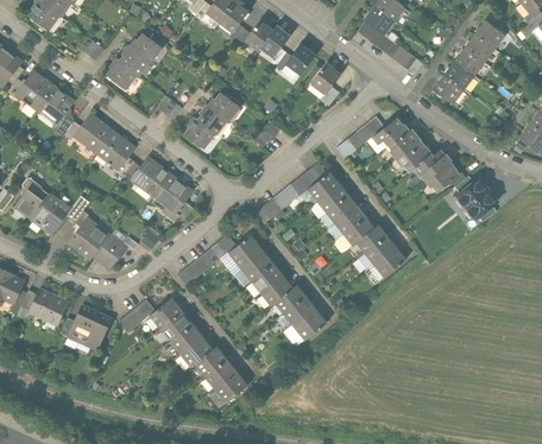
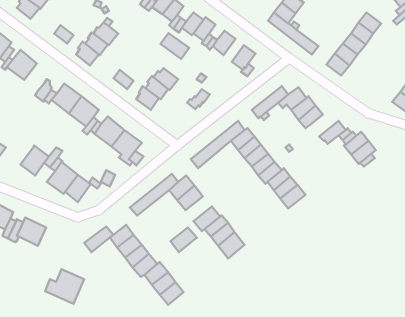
building: none -> [161,33,189,59]
building: [39,87,75,122] -> none
building: [415,150,449,182] -> none
building: [17,178,51,218] -> none
building: [250,260,284,292] -> [171,227,197,252]
building: [62,304,113,349] -> [45,269,84,304]

